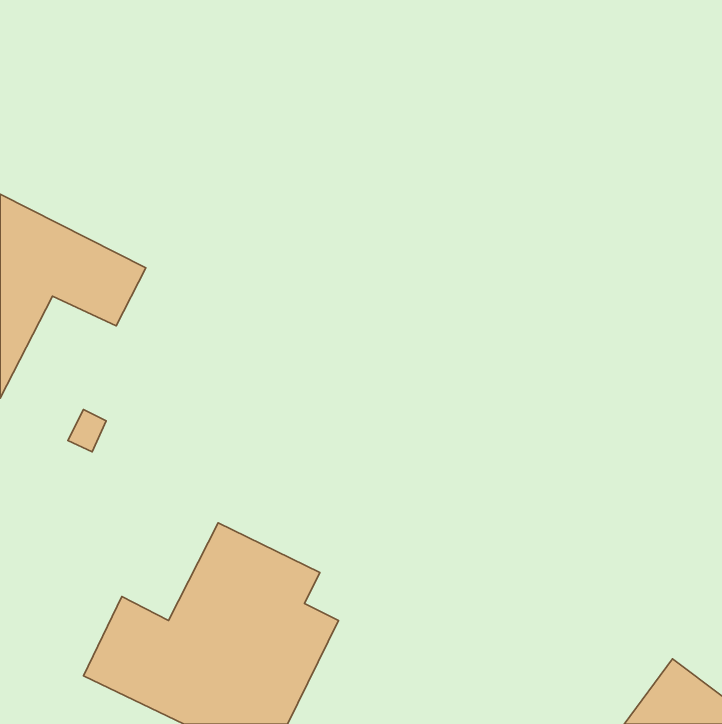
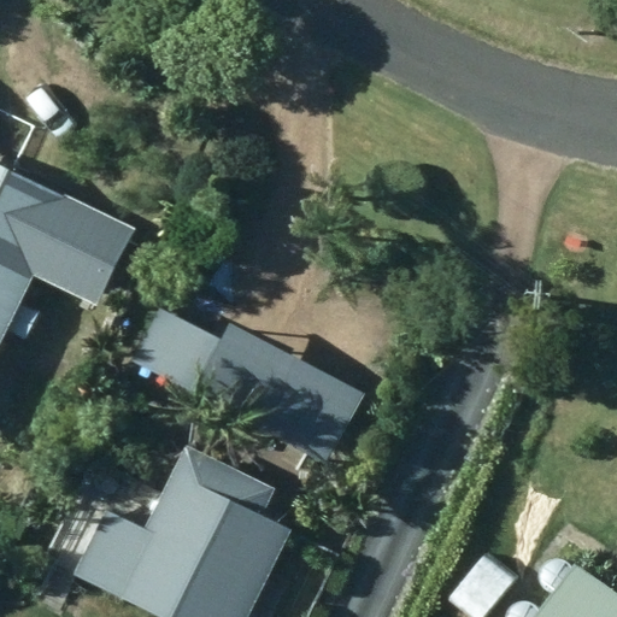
building: none -> [190,322,362,460]

